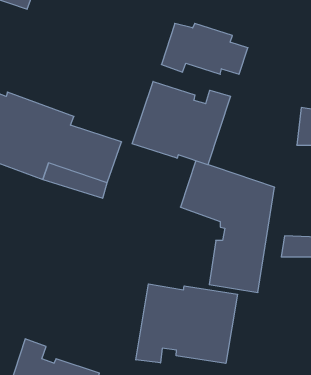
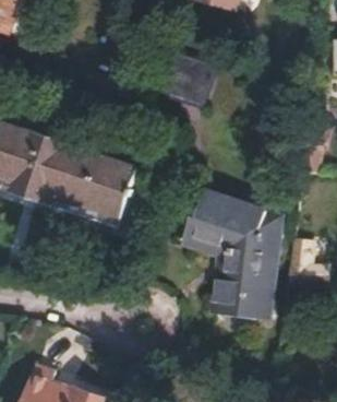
building: [132,81,230,165] -> none
building: [136,284,237,363] -> none

